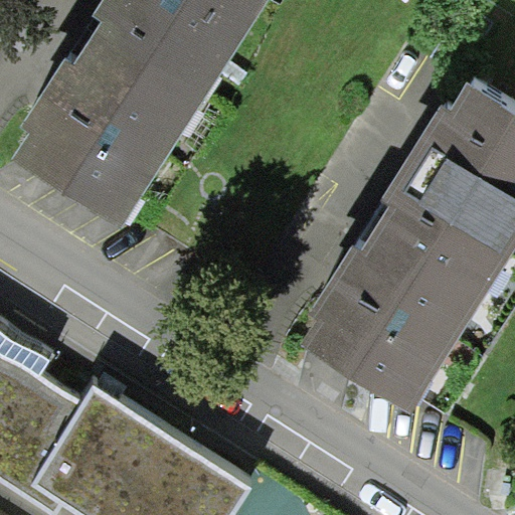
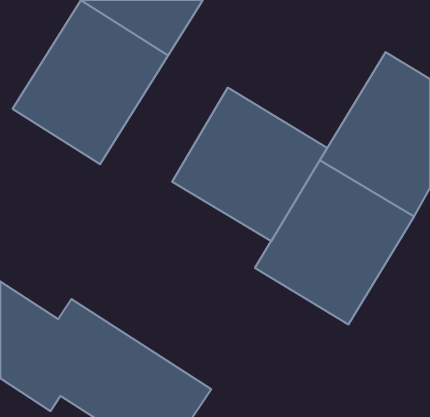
building: none -> [172,88,327,241]

